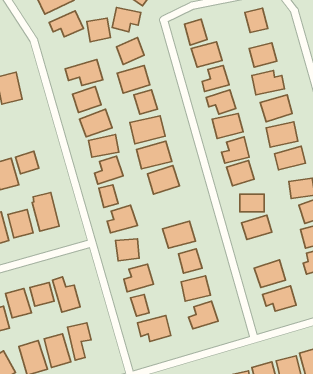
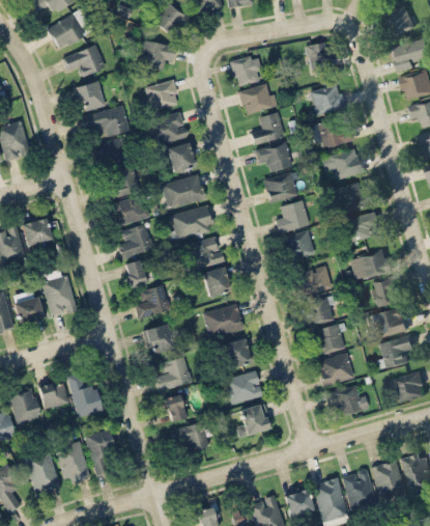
building: [87,18,110,42] -> [75,82,104,111]
building: none -> [202,267,230,297]
building: none -> [308,323,346,356]

